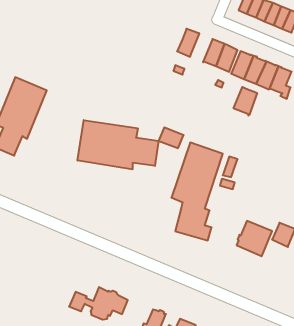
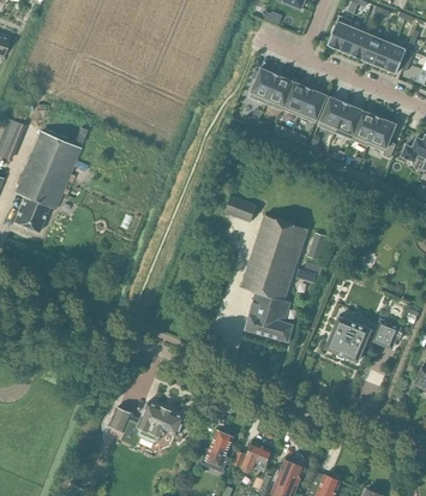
building: none -> [265,74,294,110]
building: [234,87,257,116] -> none
building: [78,120,158,169] -> none

